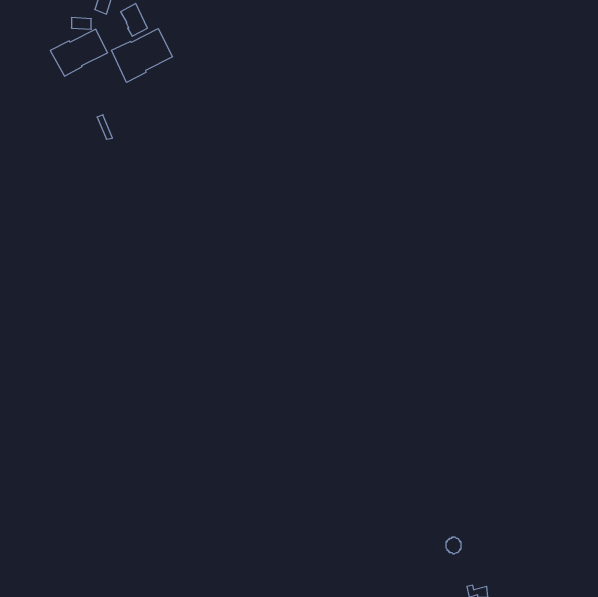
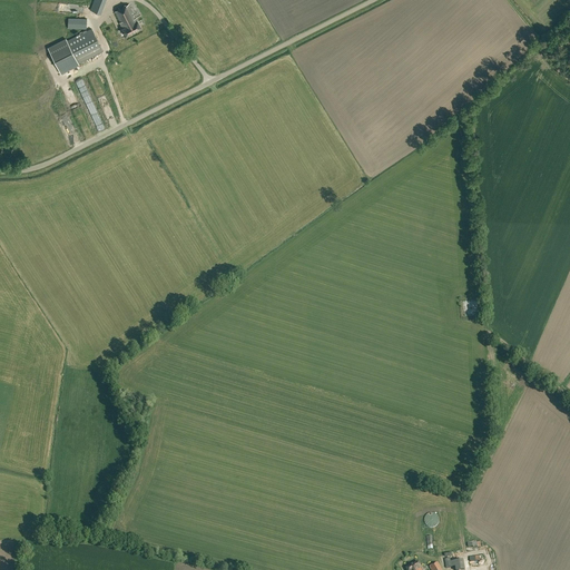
building: [112,29,172,82] -> none

